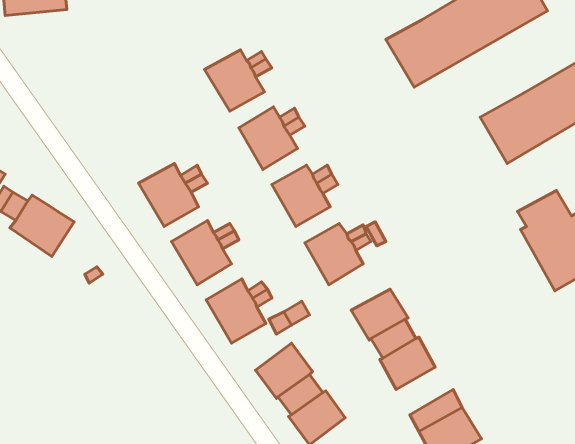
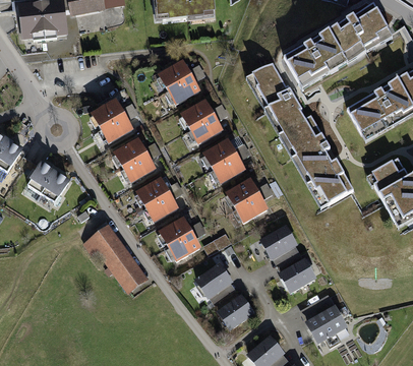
building: none -> [251,62,353,204]
building: none -> [92,101,132,143]
building: none -> [82,224,150,295]

